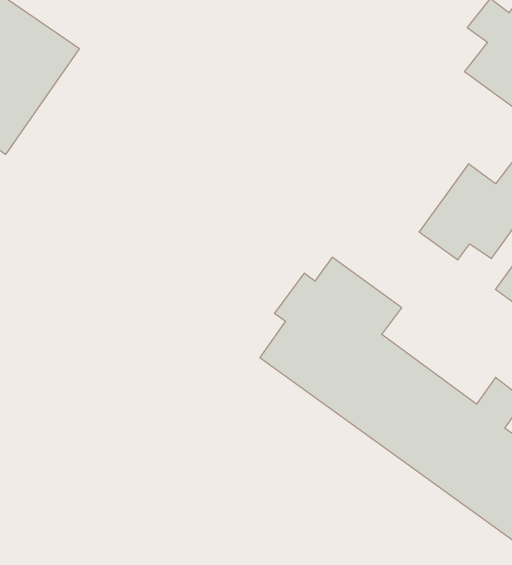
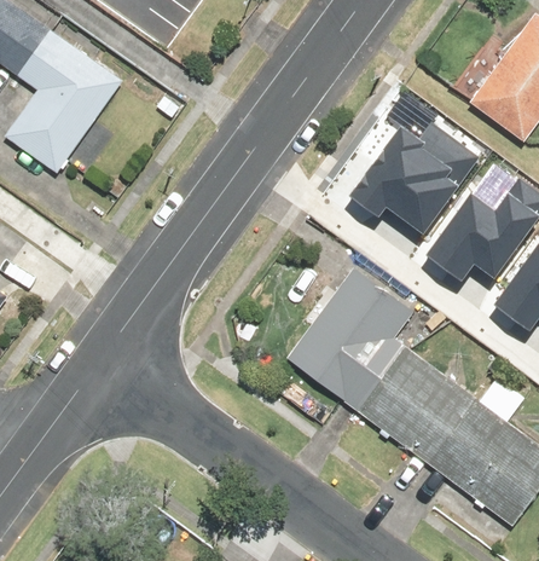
building: none -> [355,114,480,233]

